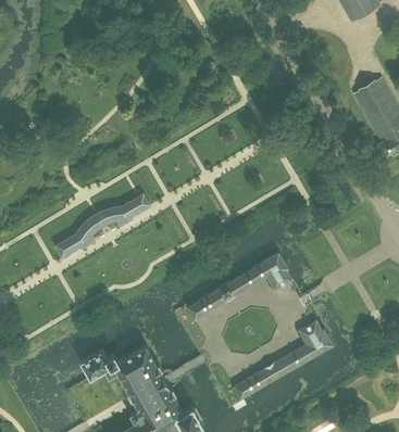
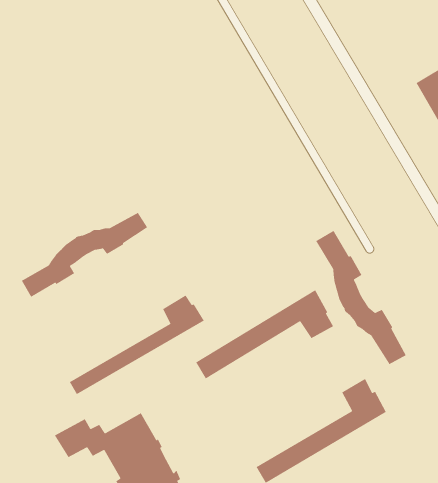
building: none -> [315,230,407,365]
building: none -> [69,295,205,395]

